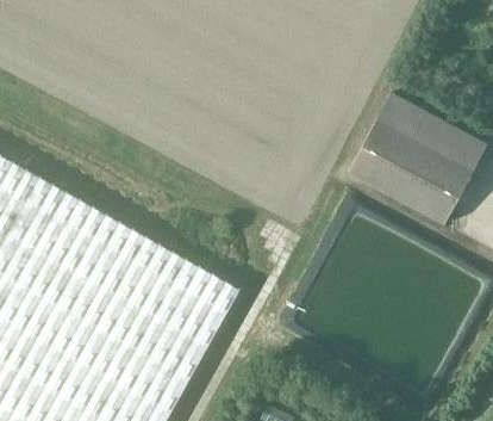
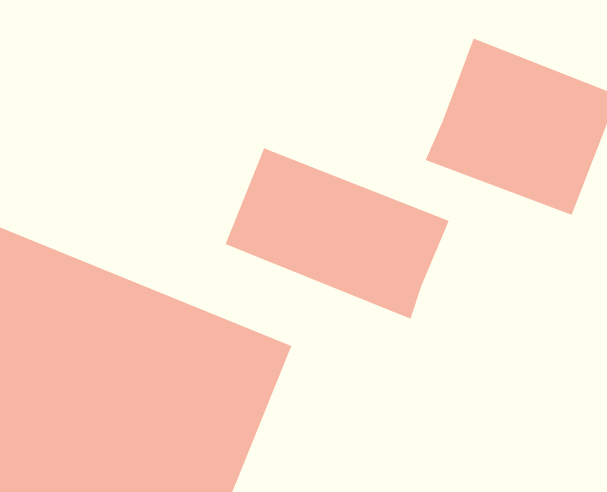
building: none -> [225,148,450,320]

